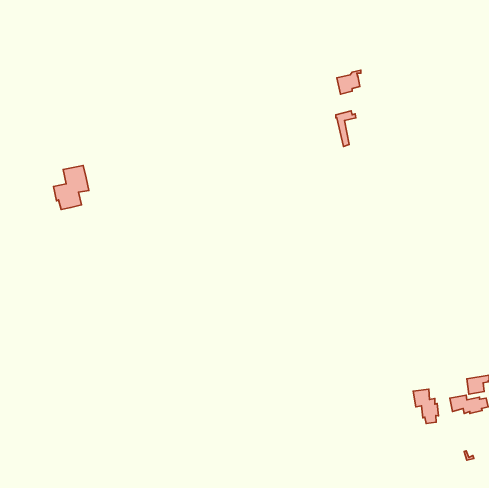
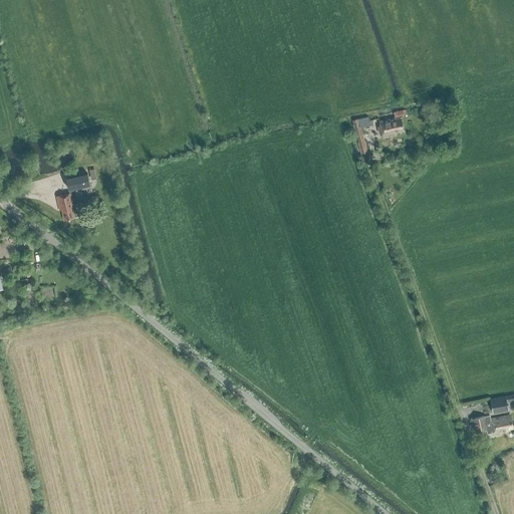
building: [337,70,361,94] -> [378,112,404,138]
building: [413,389,438,424] -> none

